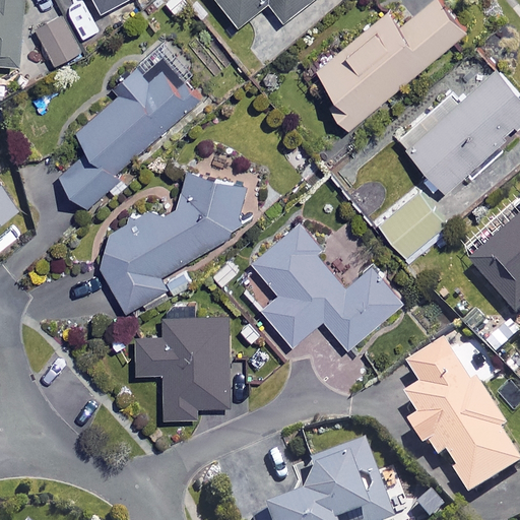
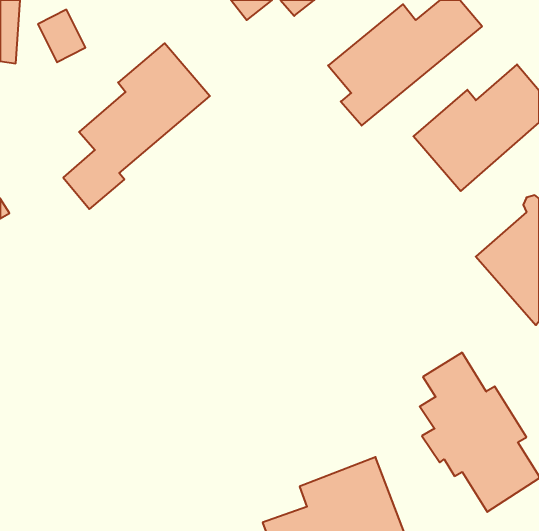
building: [94,173,244,312] -> none
building: [380,194,448,261] -> none
building: [253,228,402,351] -> none
building: [136,318,230,419] -> none

